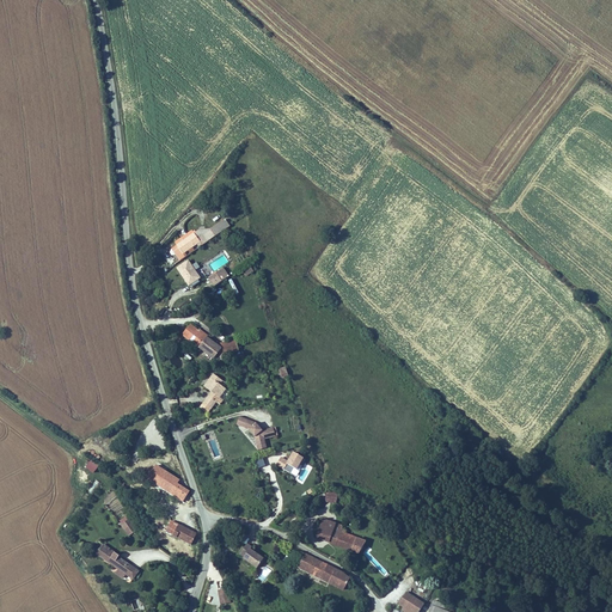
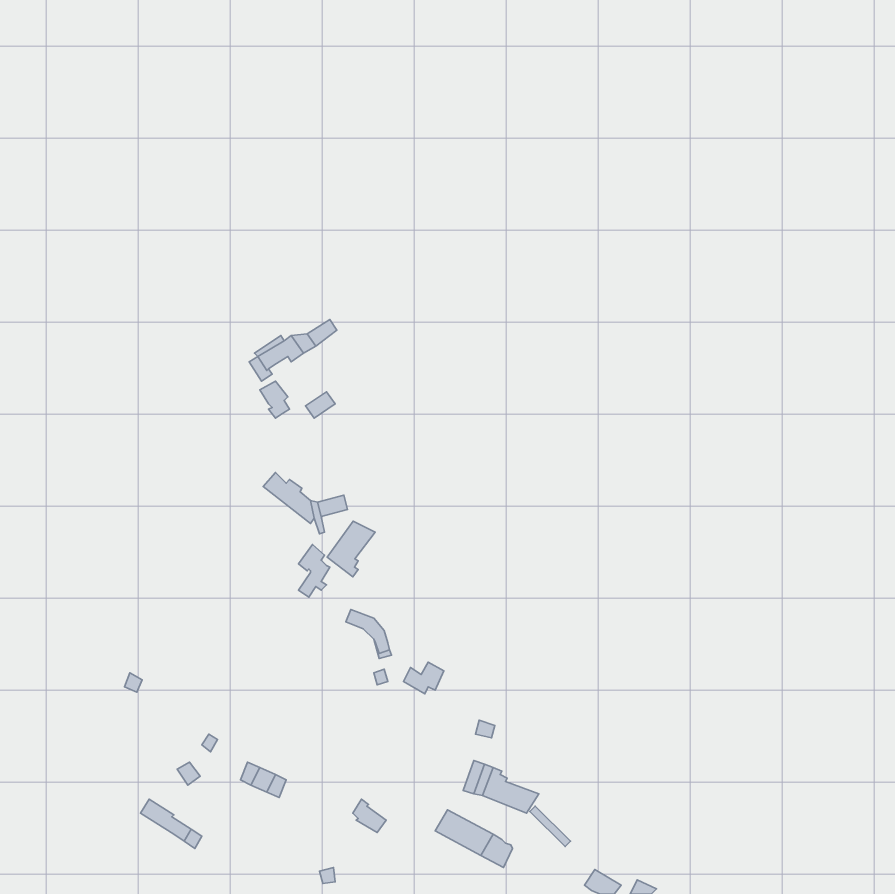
building: none -> [327,521,375,577]
building: [146,463,189,500] -> none

